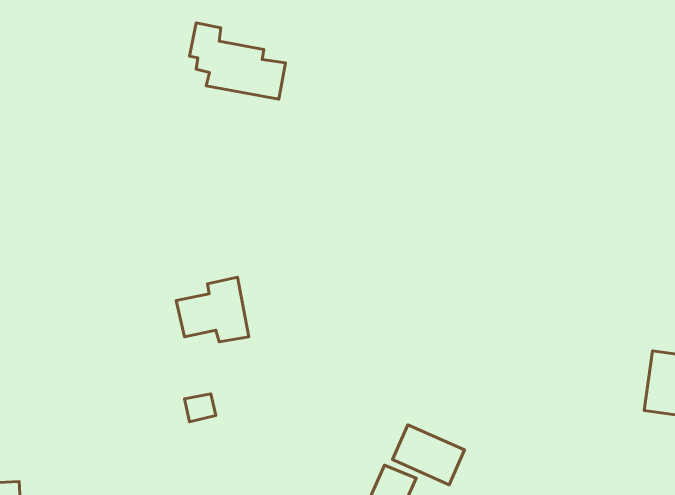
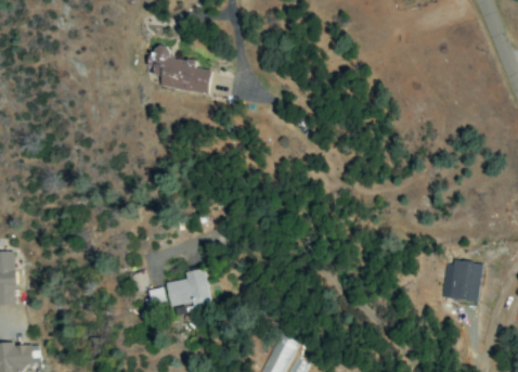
building: [176,277,249,342] -> [166,268,213,310]
building: [392,425,465,485] -> none

